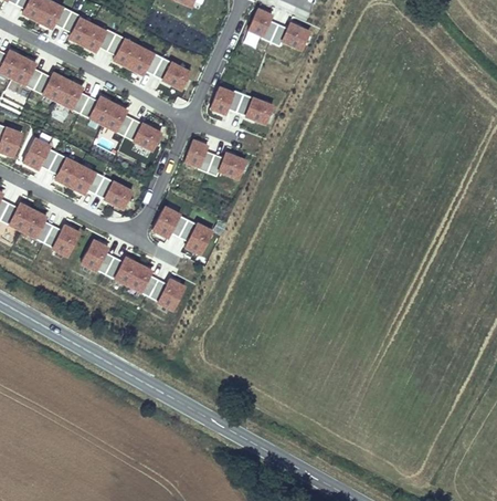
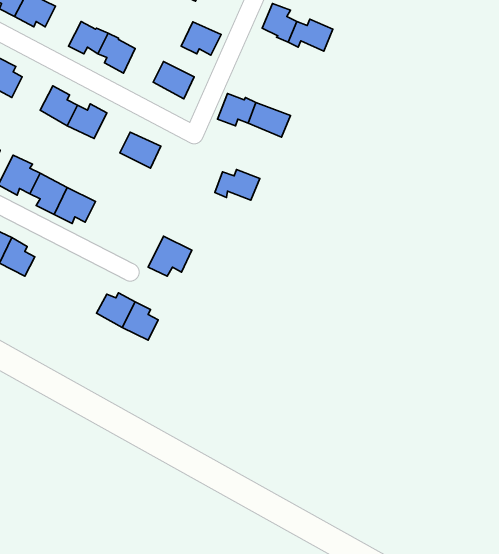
building: [62,10,93,44] -> none
building: [129,46,163,75] -> [181,22,221,55]
building: [33,71,68,100] -> none
building: [104,102,135,136] -> none
building: [184,137,214,170] -> none
building: [96,178,134,213] -> none
building: [179,220,213,259] -> none
building: [44,225,80,258] -> none
building: [80,240,115,274] -> none
building: [150,279,186,313] -> none

